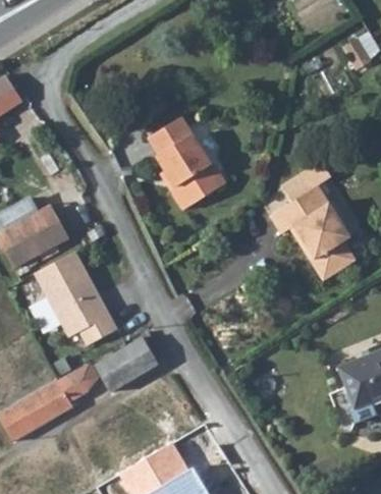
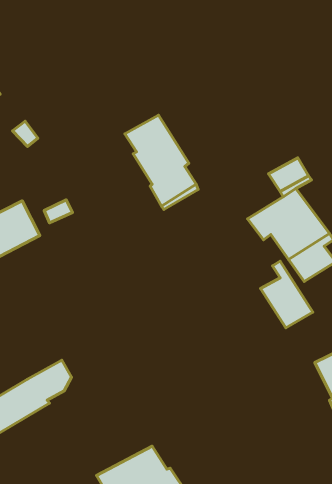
building: [34,253,115,346] -> none
building: none -> [260,261,313,328]
building: [98,336,161,391] -> none

